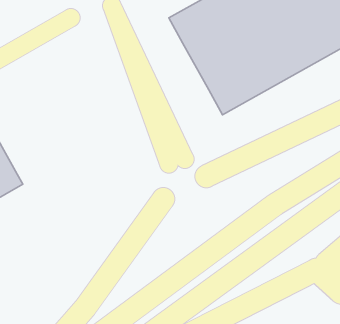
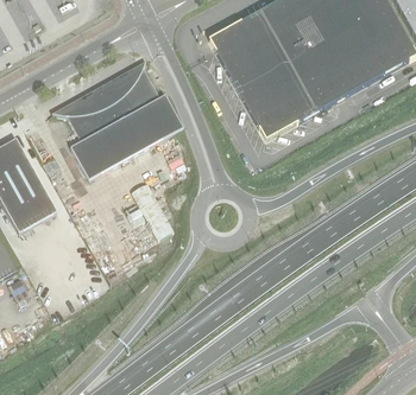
building: none -> [51,59,183,179]

